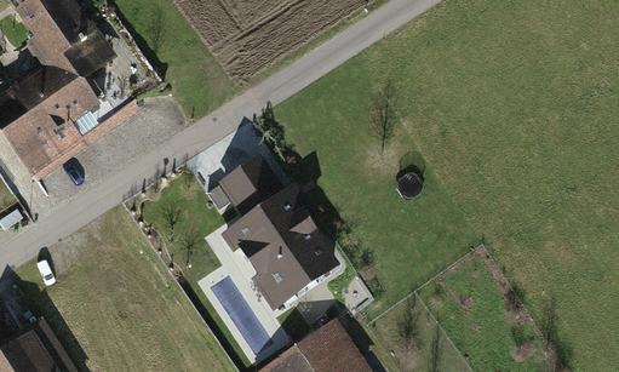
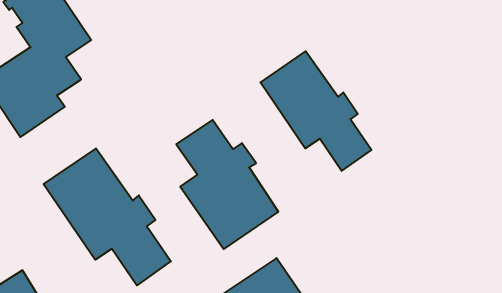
building: none -> [260,51,371,171]
building: none -> [44,148,171,285]

